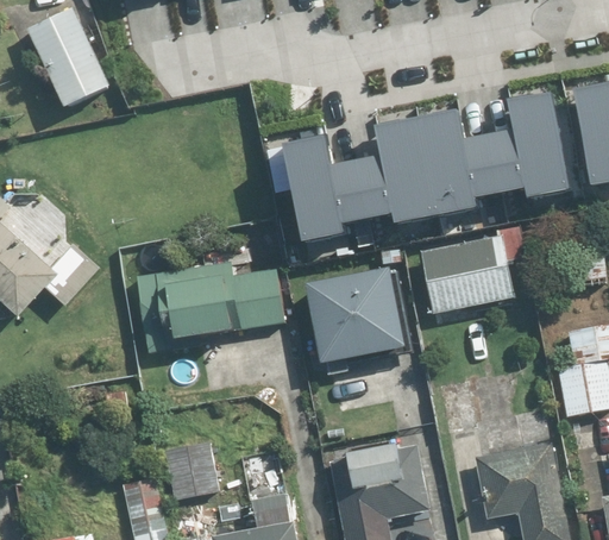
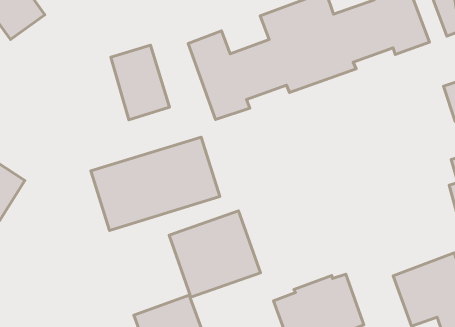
building: none -> [111,45,169,120]
building: [421,227,523,314] -> none
building: [312,269,413,362] -> [169,211,261,297]

